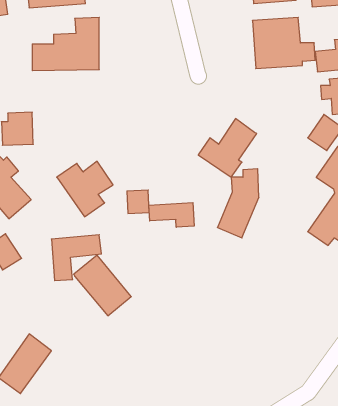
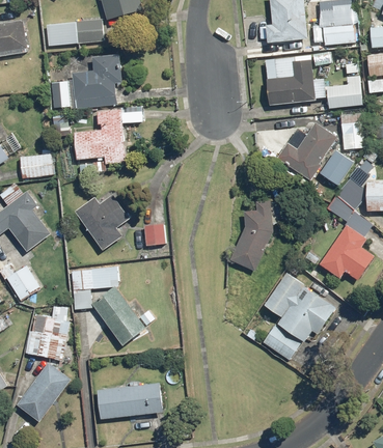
building: none -> [74,111,125,167]
building: [198,119,257,177] -> [278,122,335,179]
building: [149,203,194,227] -> none
building: none -> [263,273,335,360]
building: none -> [27,306,69,360]
building: none -> [95,383,163,419]

